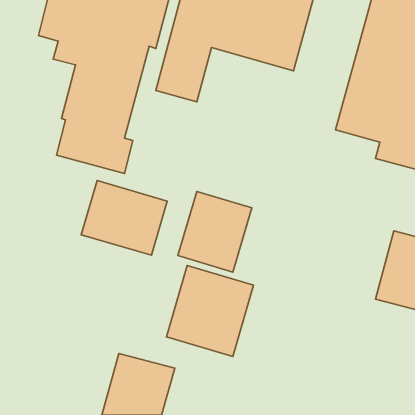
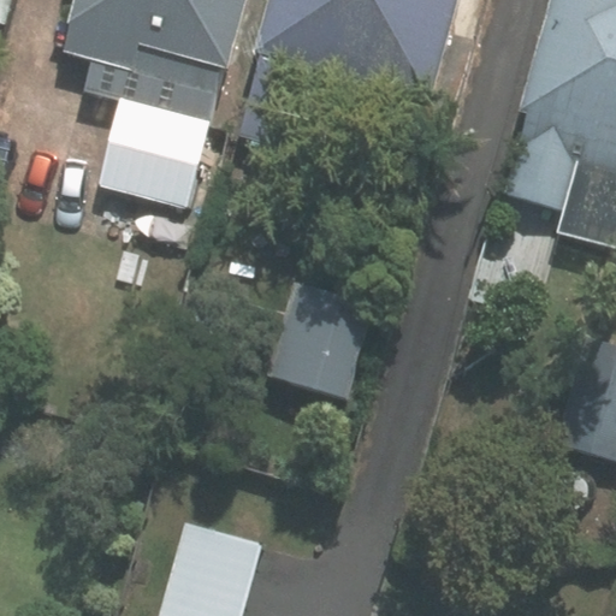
building: [81,180,167,255] -> none
building: [166,265,254,356] -> none

